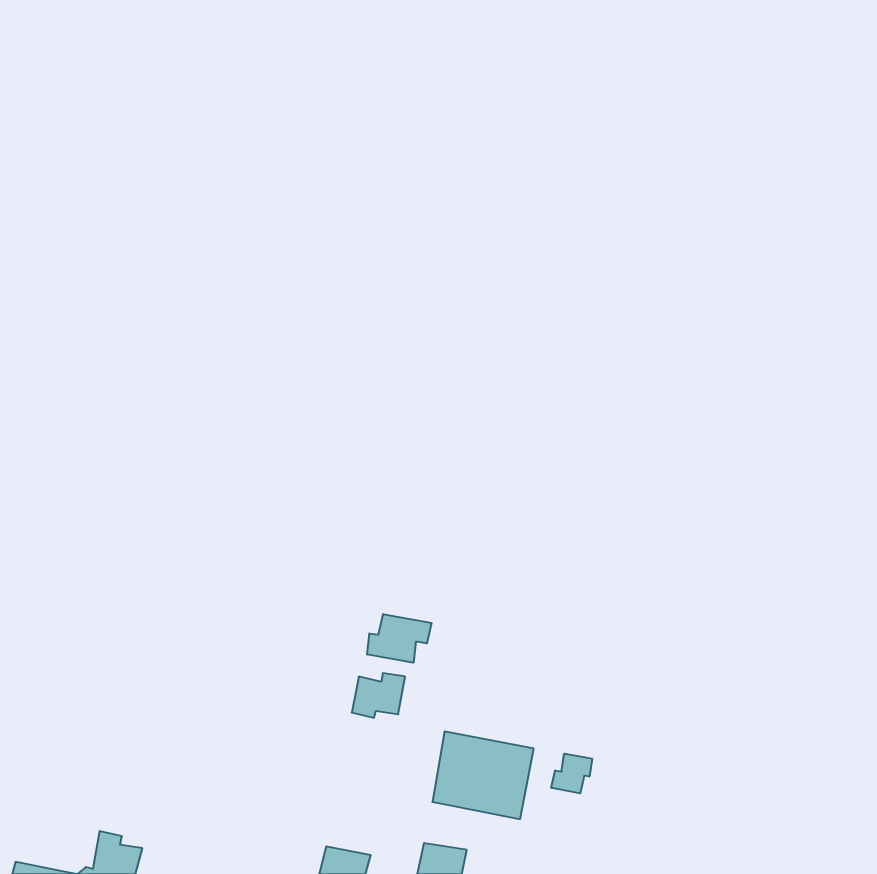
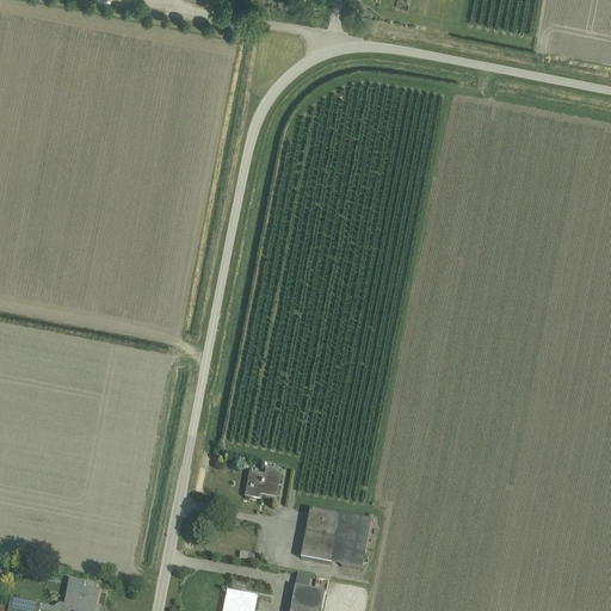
building: [367,614,431,663] -> none
building: [551,754,592,793] -> none

